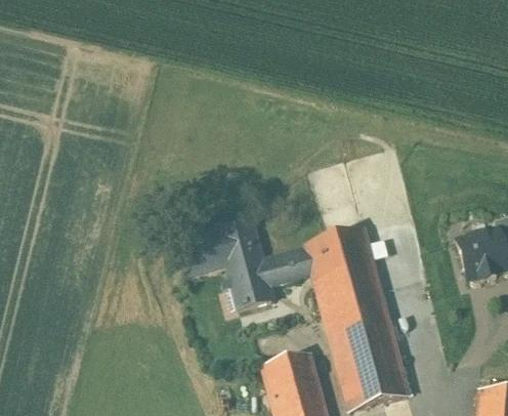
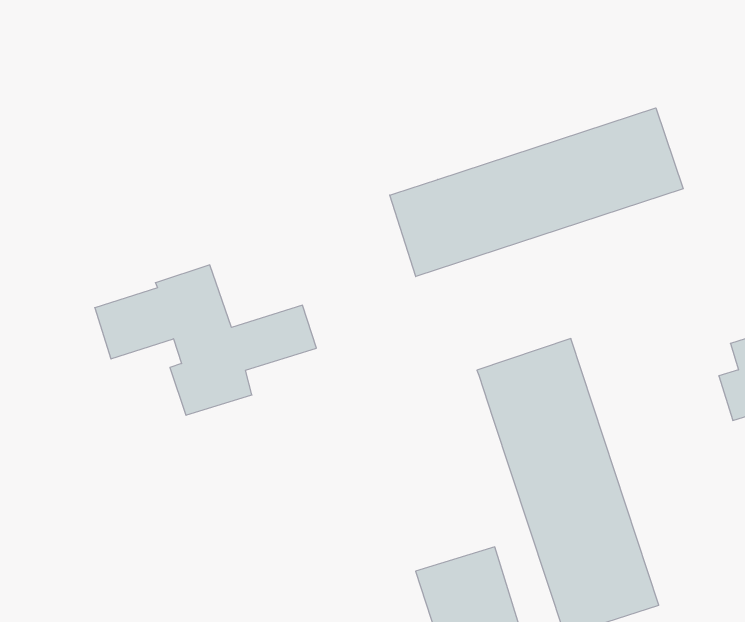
building: none -> [390,108,683,277]
building: [179,219,313,310] -> [95,265,316,415]

